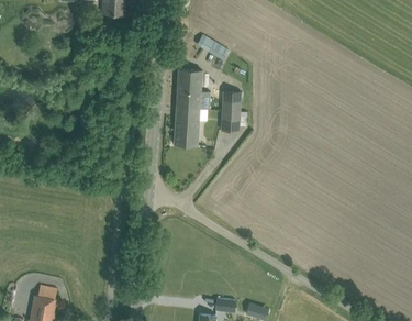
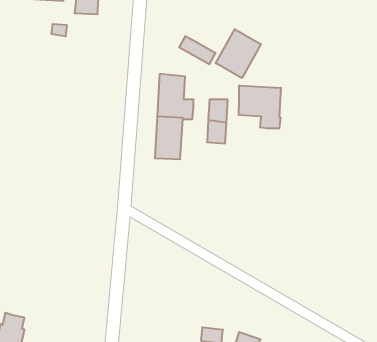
building: none -> [216,29,261,78]
building: none -> [239,85,281,128]

